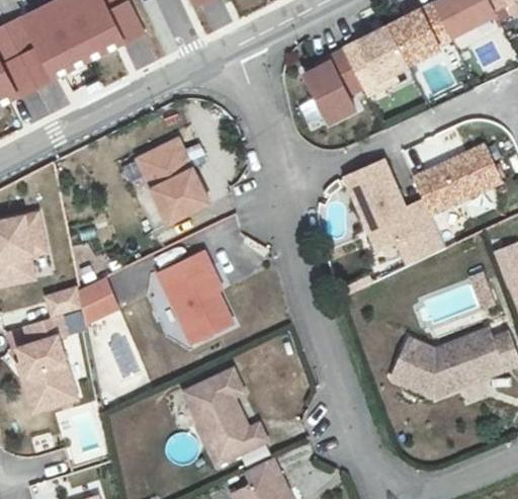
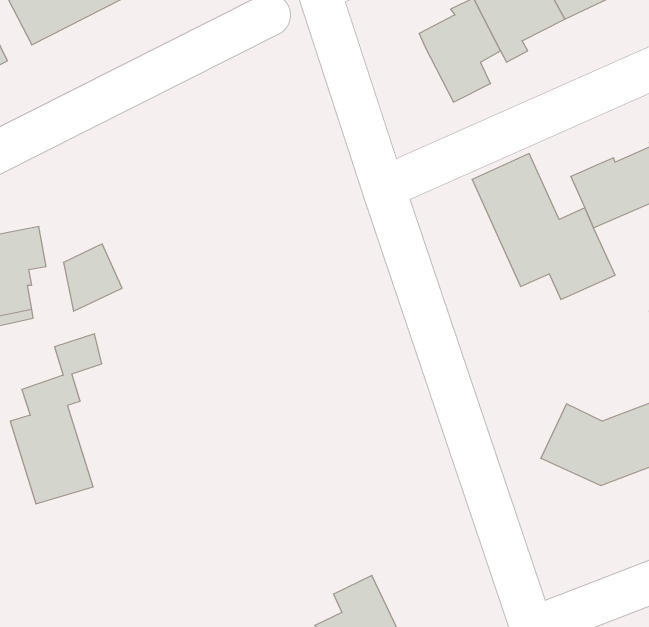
building: [139,139,210,223] -> none
building: [159,252,234,343] -> none
building: [78,277,119,325] -> [63,244,122,311]
building: [182,367,267,465] -> none

